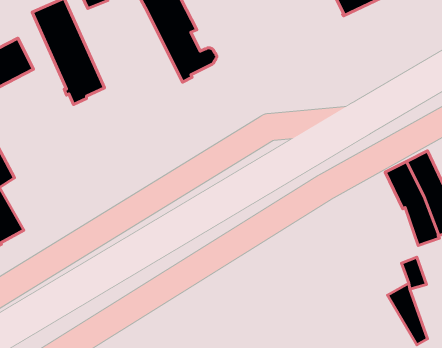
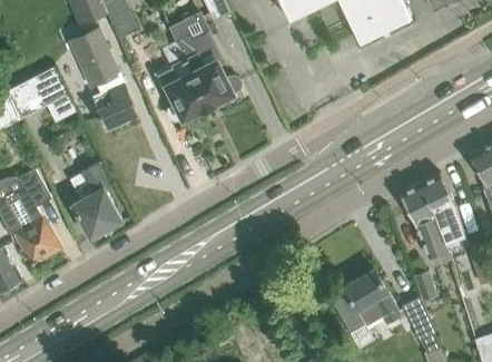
building: none -> [155,42,209,123]
building: none -> [70,166,122,239]
building: none -> [332,271,401,334]

